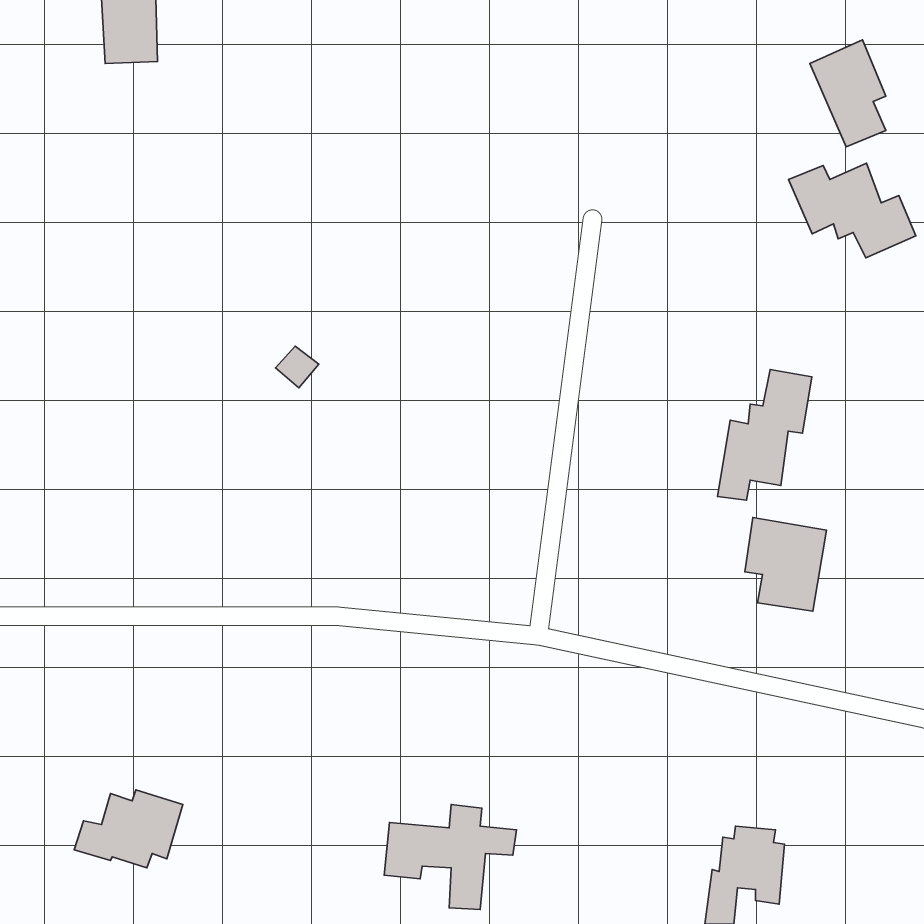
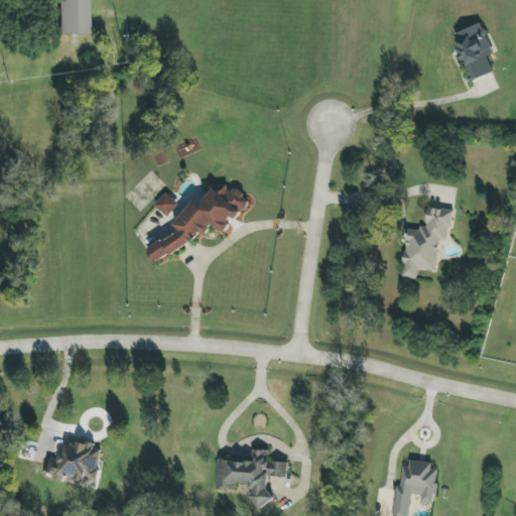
building: [788,163,916,258] -> none
building: none -> [146,183,248,262]
building: [745,517,826,611] -> none

